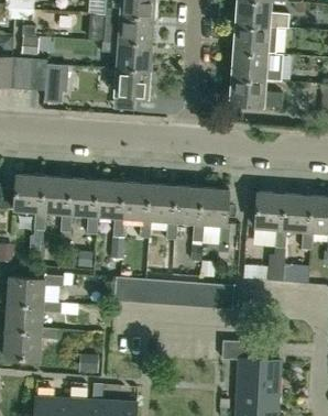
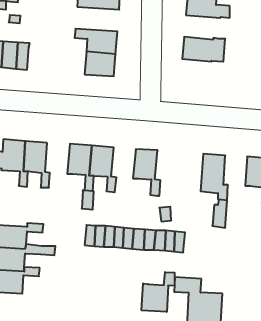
building: [102,15,155,45] -> none
building: [233,25,277,55] -> none
building: [44,64,68,103] -> none
building: [230,78,282,108] -> none
building: [66,179,99,234] -> none
building: [145,185,177,241] -> none
building: [198,188,230,244] -> none
building: [281,195,313,251] -> none
building: none -> [142,272,175,312]

